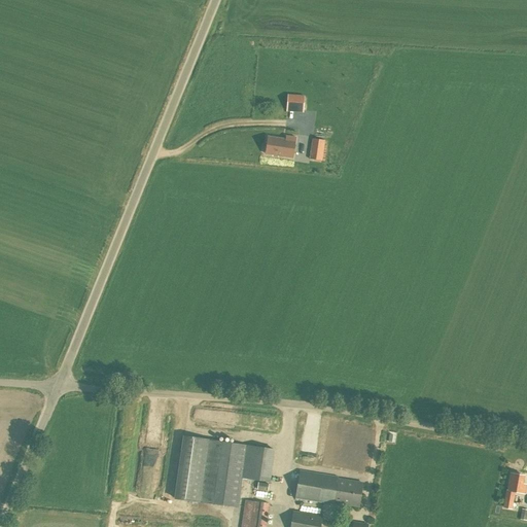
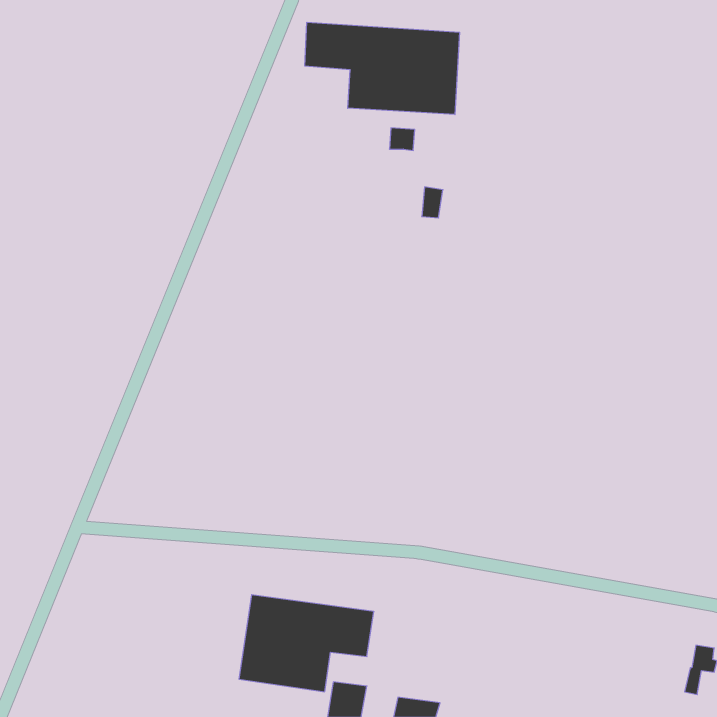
building: none -> [305,22,460,115]
building: [264,135,294,157] -> none
building: [293,469,362,506] -> none

